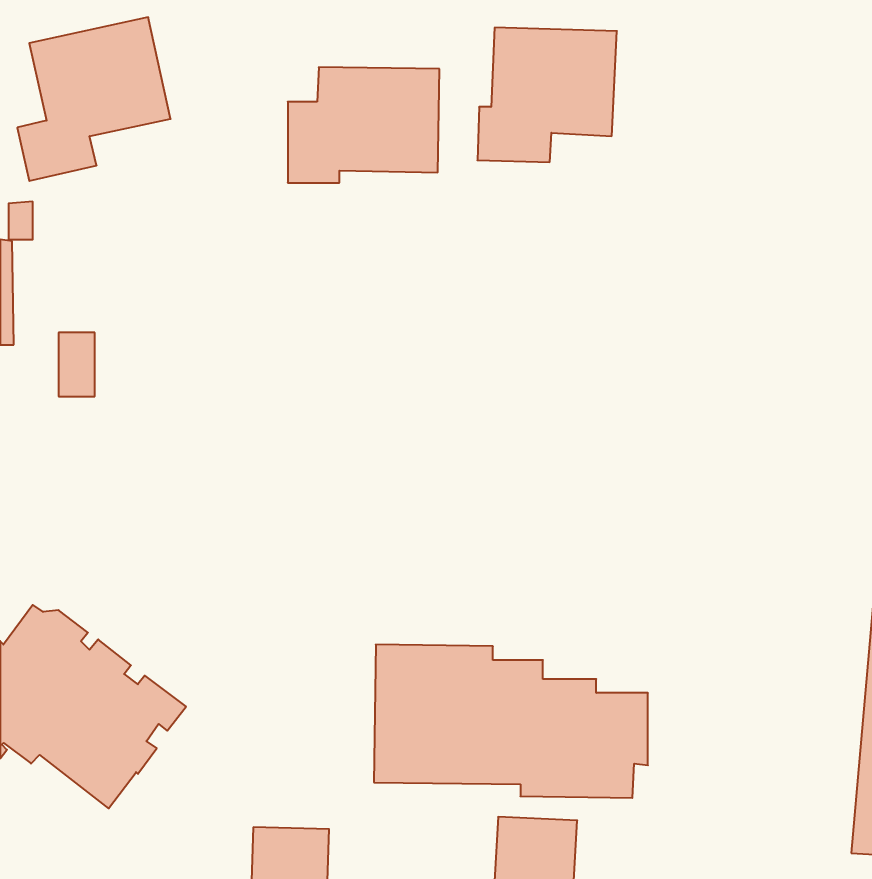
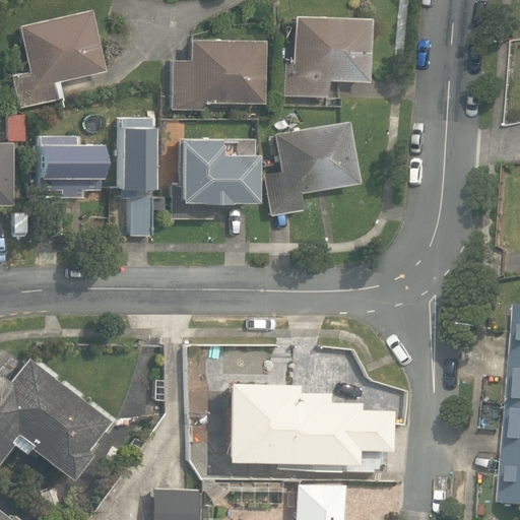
building: none -> [121,119,153,235]
building: none -> [266,122,359,215]
building: none -> [40,136,102,197]
building: none -> [174,139,253,218]

